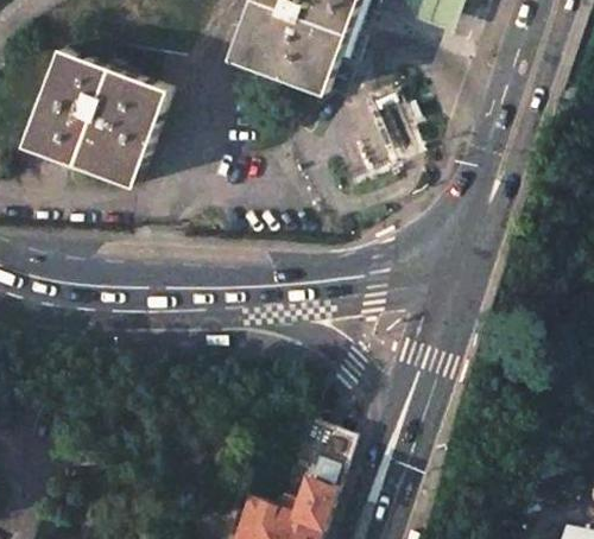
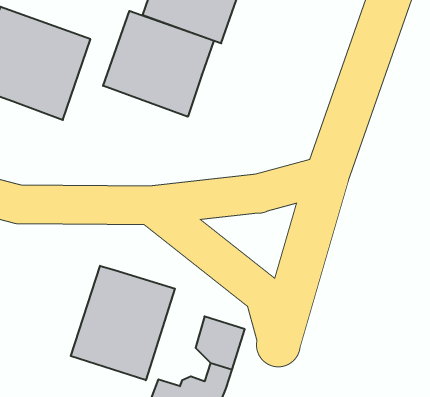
building: none -> [103,11,214,117]
building: none -> [71,266,175,380]

